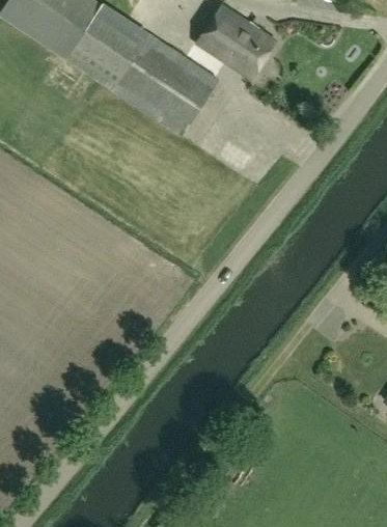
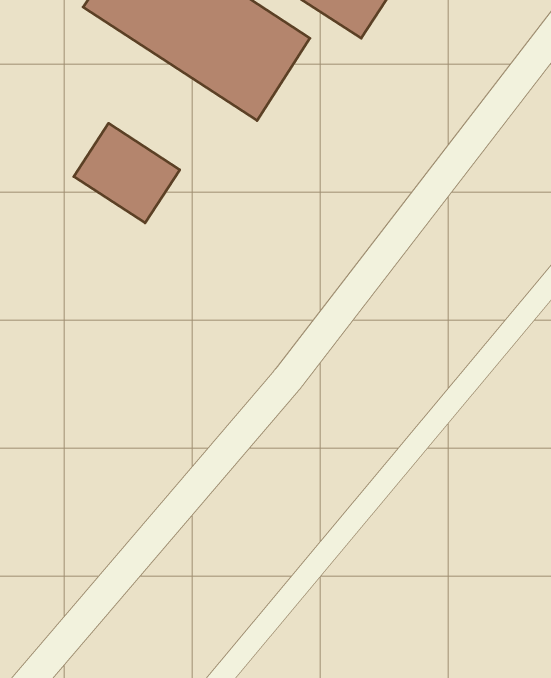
building: none -> [74,123,180,223]

